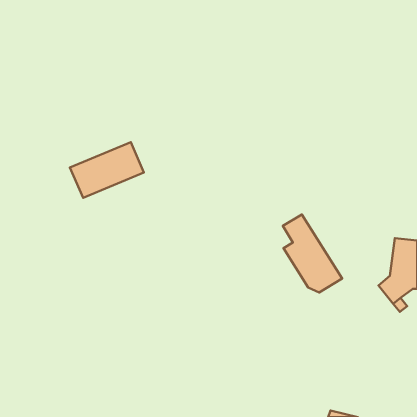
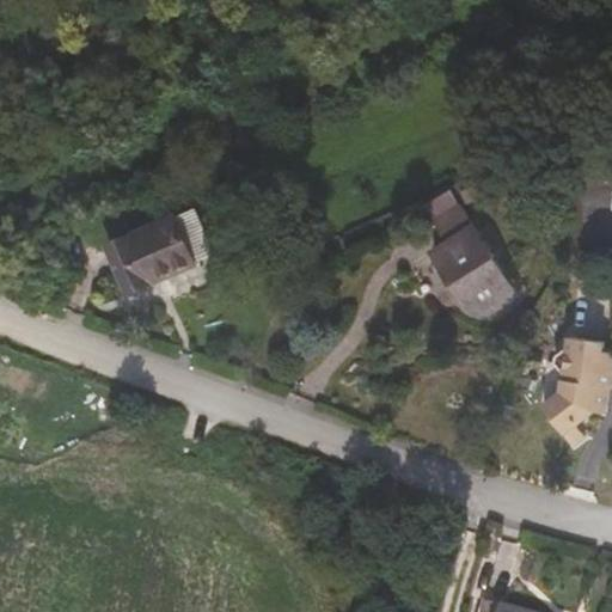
building: [283,214,342,292] -> [426,201,512,314]

